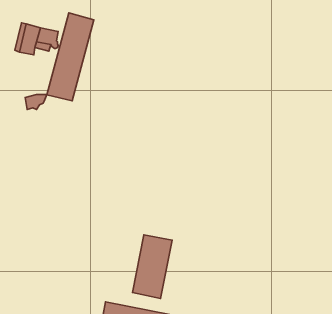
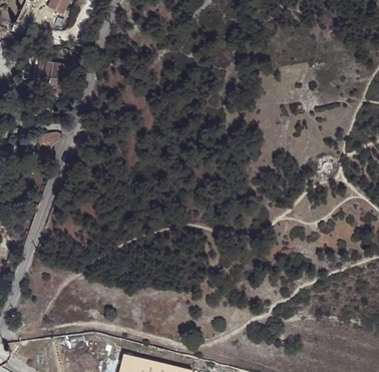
building: [47,13,94,101] -> none
building: [132,235,172,298] -> none

